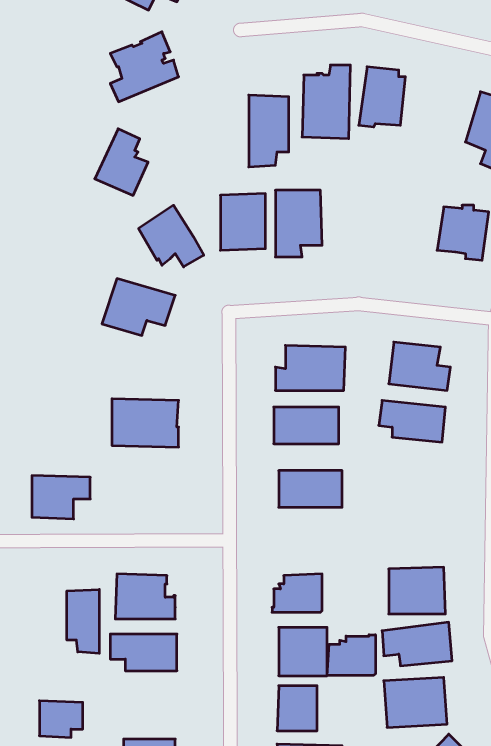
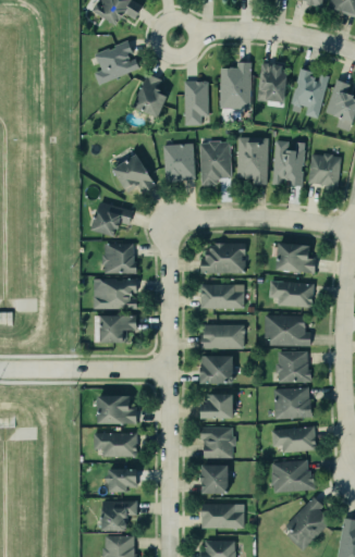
building: none -> [290,67,328,119]
building: [95,129,148,195] -> [131,73,166,116]
building: none -> [236,137,266,184]
building: none -> [273,140,305,187]
building: none -> [101,242,135,273]
building: none -> [261,314,309,346]
building: [32,476,90,519] -> [99,315,137,344]
building: none -> [277,351,309,383]
building: none -> [198,355,231,382]
building: [67,589,99,653] -> none
building: [327,635,375,675] -> none
building: [39,701,83,737] -> [108,469,136,493]

